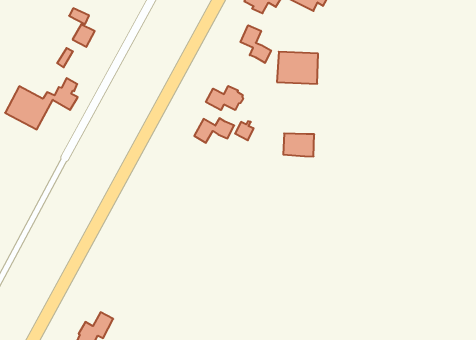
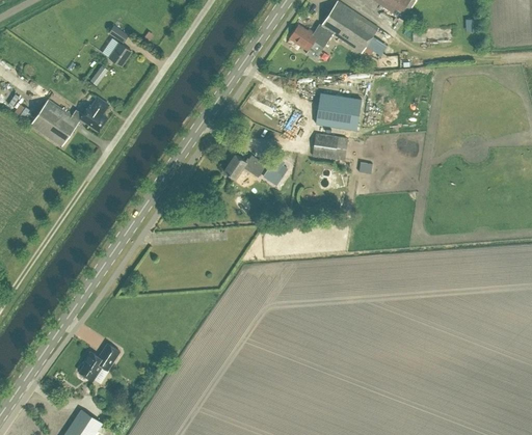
building: [240,25,271,63] -> none
building: [206,86,243,110] -> none
building: [283,133,314,156] -> [312,133,346,160]

